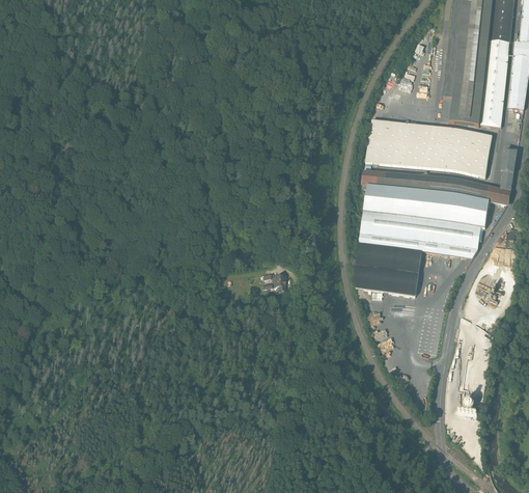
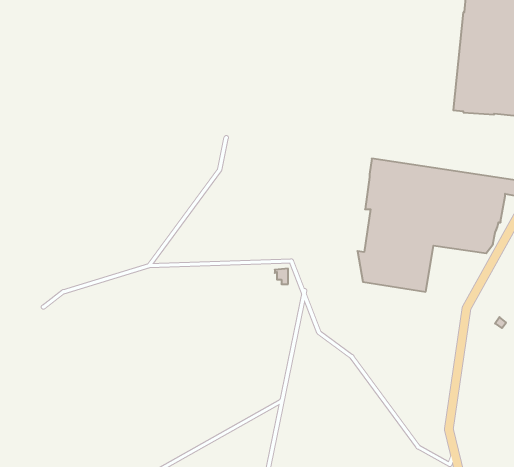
building: [365,118,493,180] -> none

